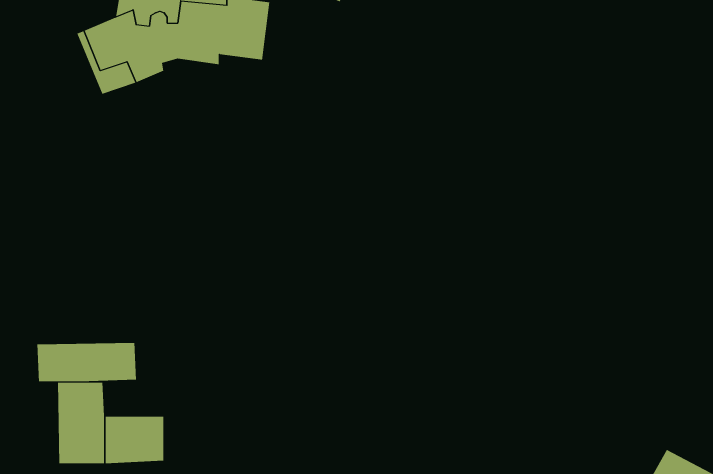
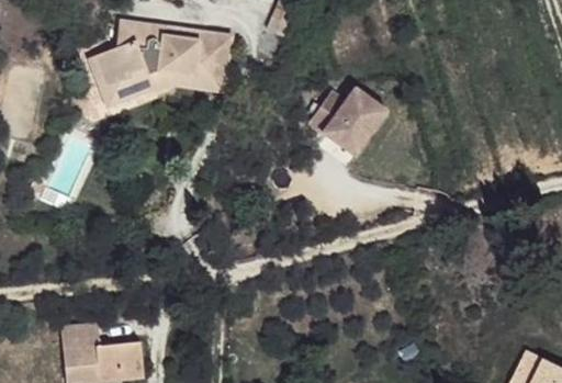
building: none -> [304,85,386,165]
building: [37,342,137,382] -> none

